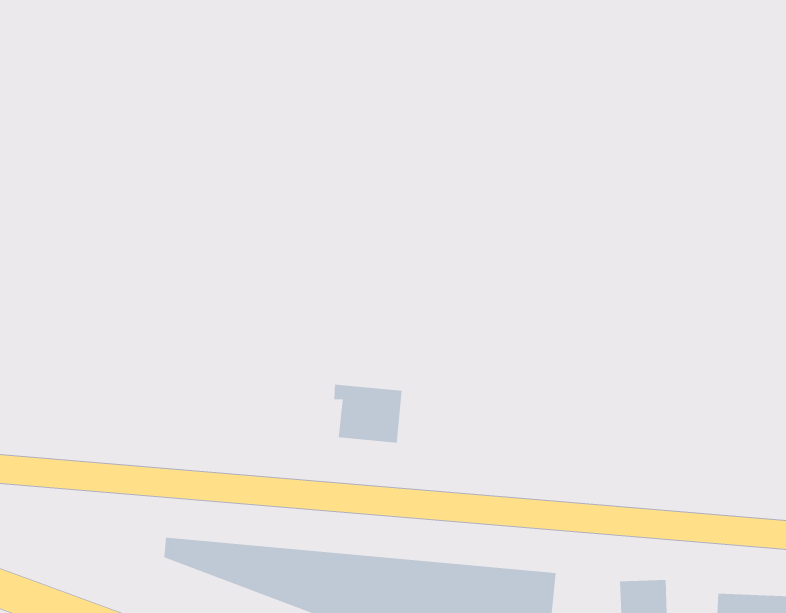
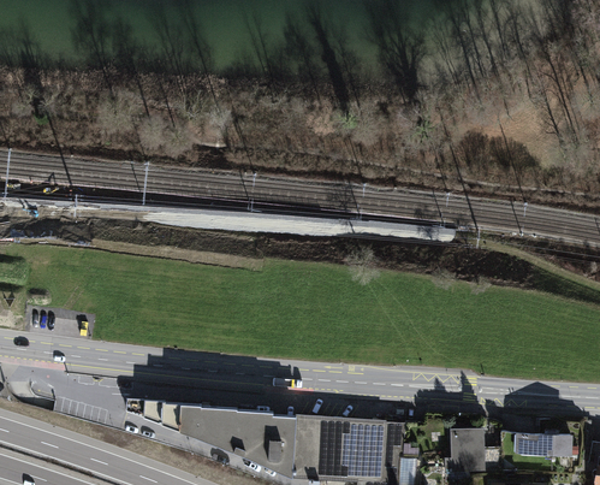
building: [334,384,402,444] -> none

